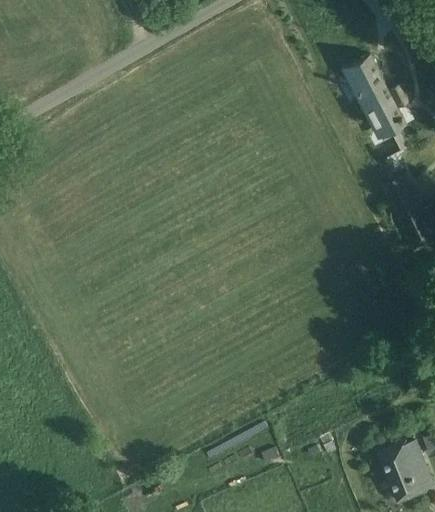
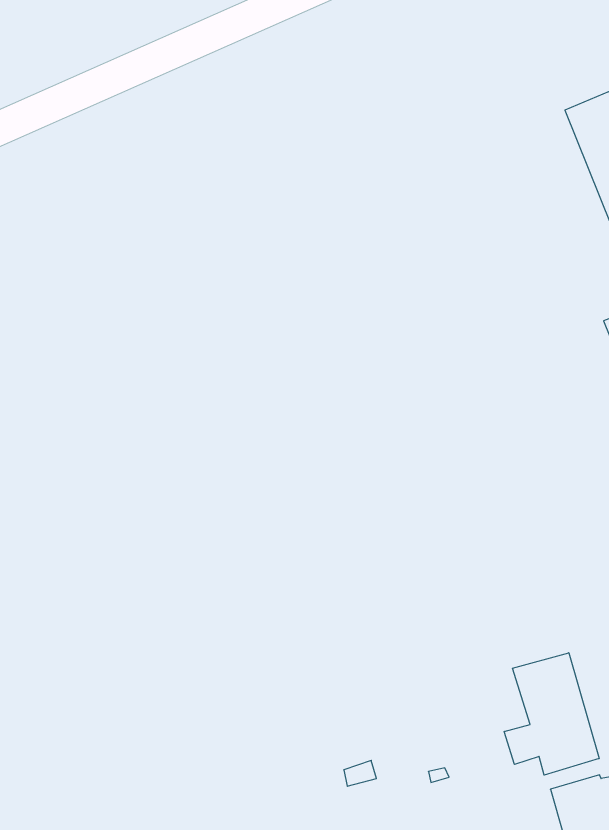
building: none -> [504,653,599,775]

